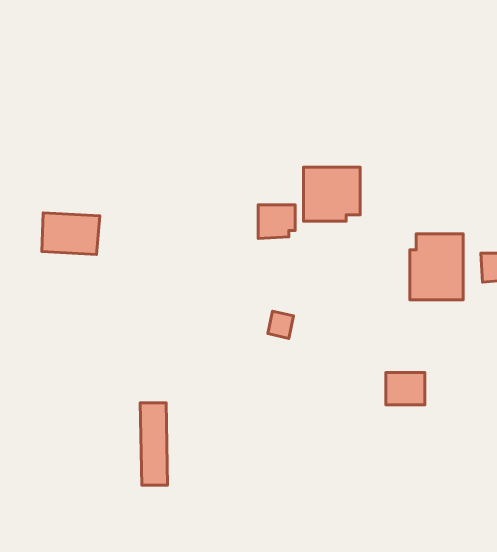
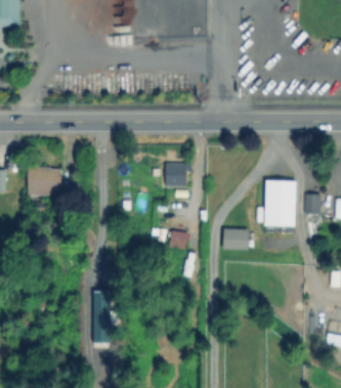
building: [304,167,360,221] -> none
building: [386,372,425,405] -> [224,229,249,250]

